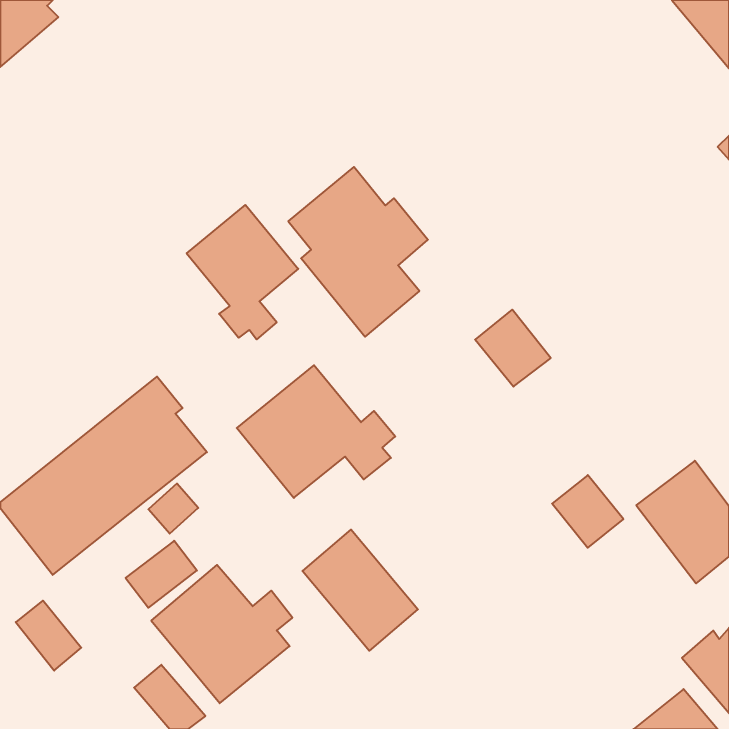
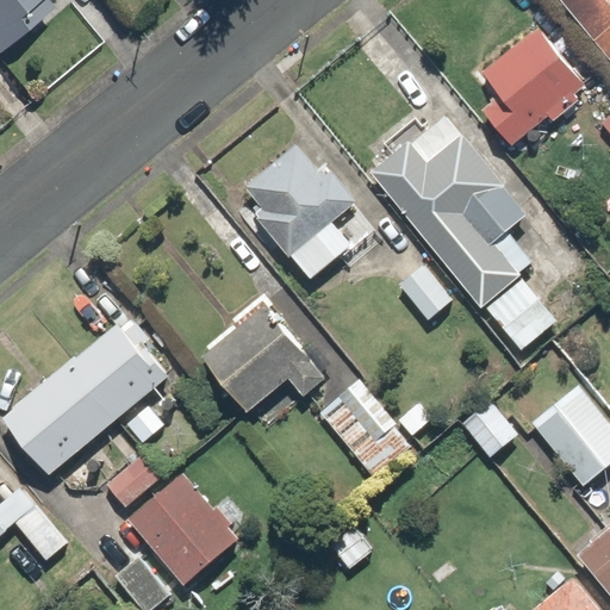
building: none -> [477,26,589,148]
building: none -> [367,114,558,354]
building: [187,205,298,339] -> none
building: [302,530,418,651] -> [318,378,415,479]

